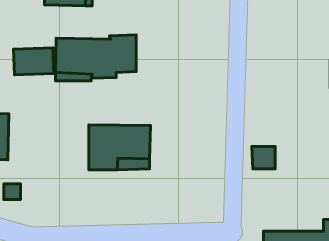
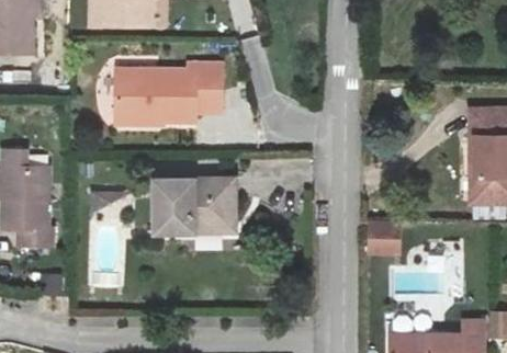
building: [13,48,54,75] -> none

